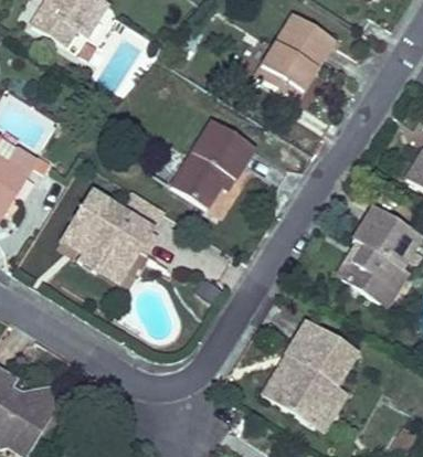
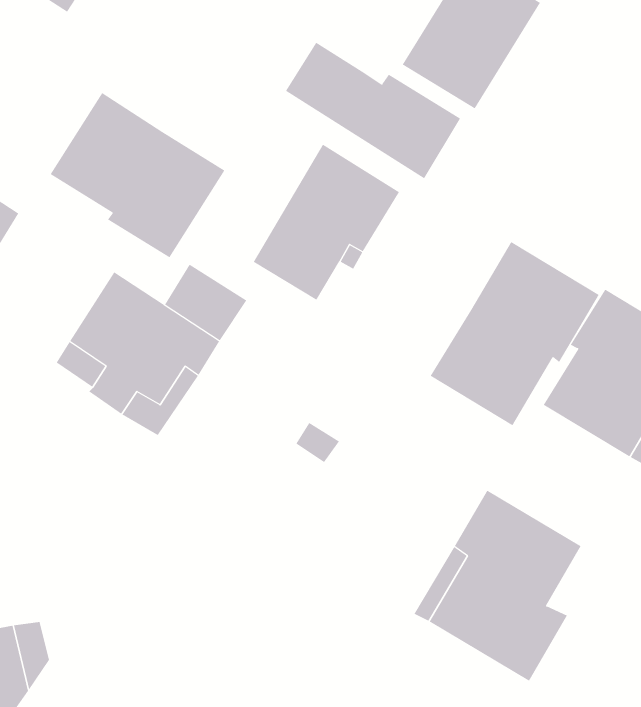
building: none -> [285,42,461,179]
building: none -> [50,92,225,258]
building: none -> [430,241,600,426]

